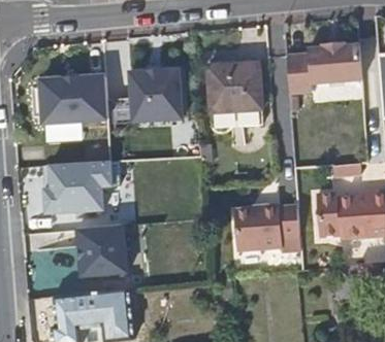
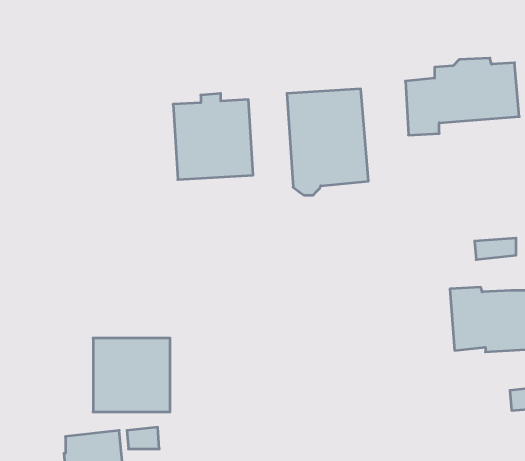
building: [34,76,108,123] -> none
building: [45,160,121,213] -> none
building: [232,203,297,248] -> none

